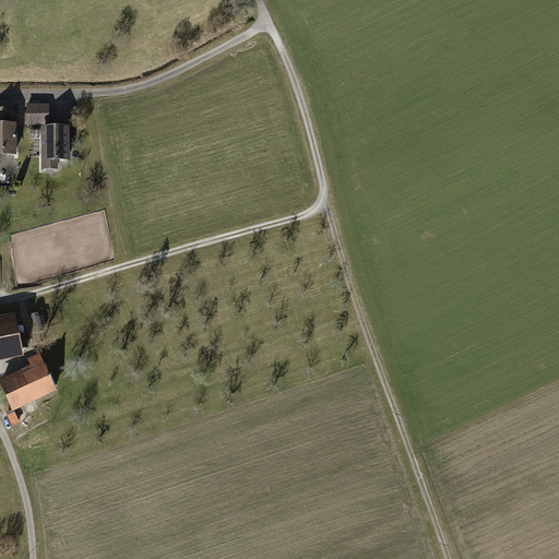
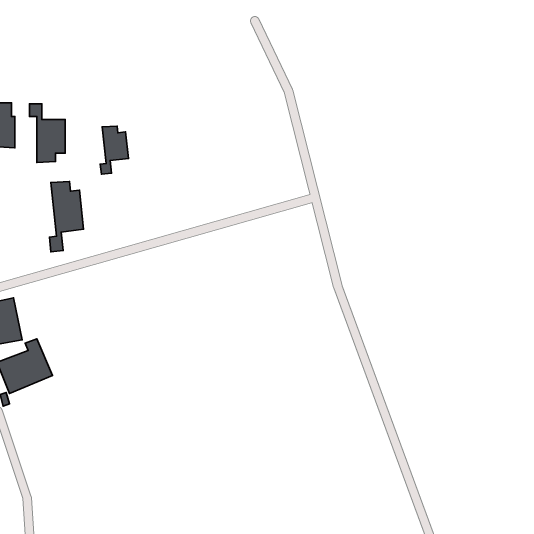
building: none -> [100,126,128,174]
building: none -> [49,181,83,252]

